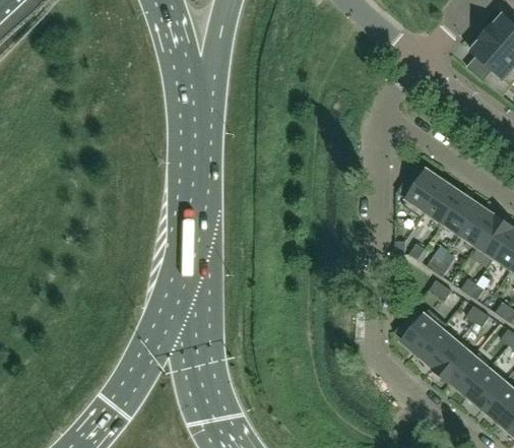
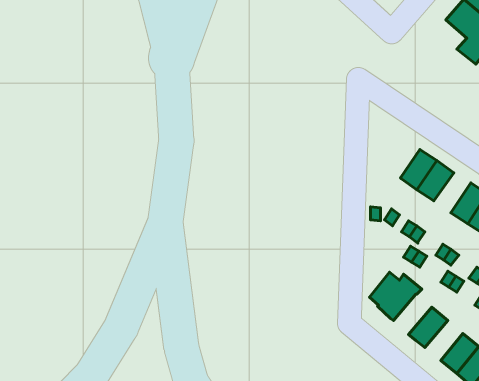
building: [398,166,446,218] -> none
building: [460,206,498,247] -> none
building: [420,329,458,370] -> none
building: [451,356,490,396] -> none

